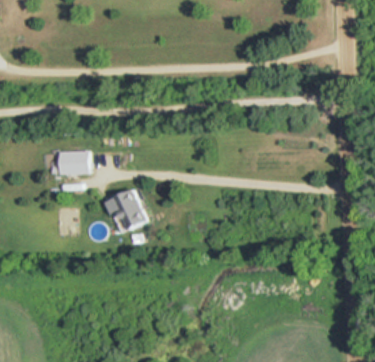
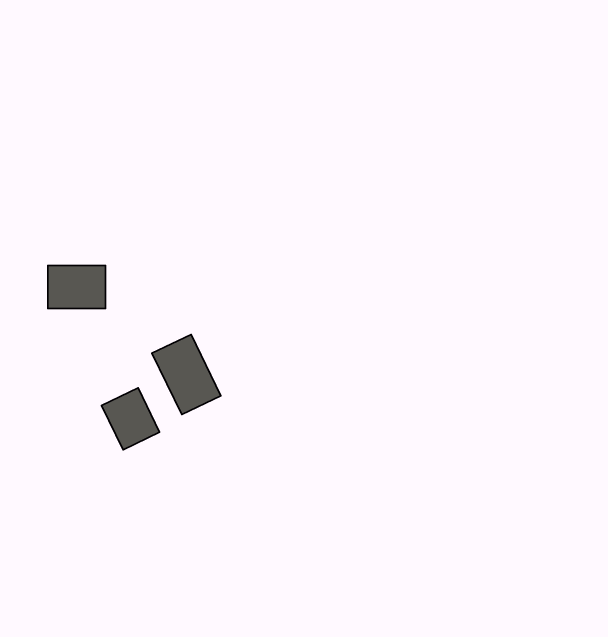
building: none -> [102,388,160,450]

